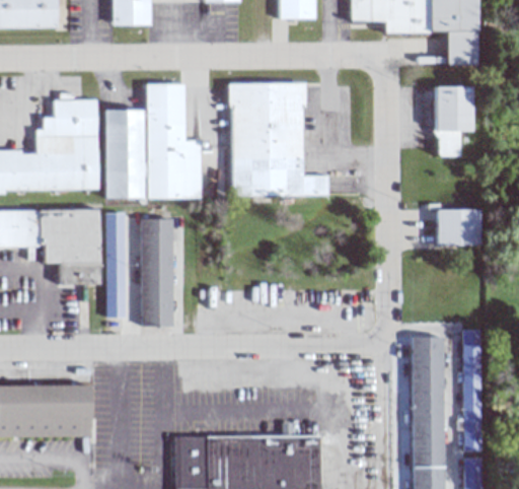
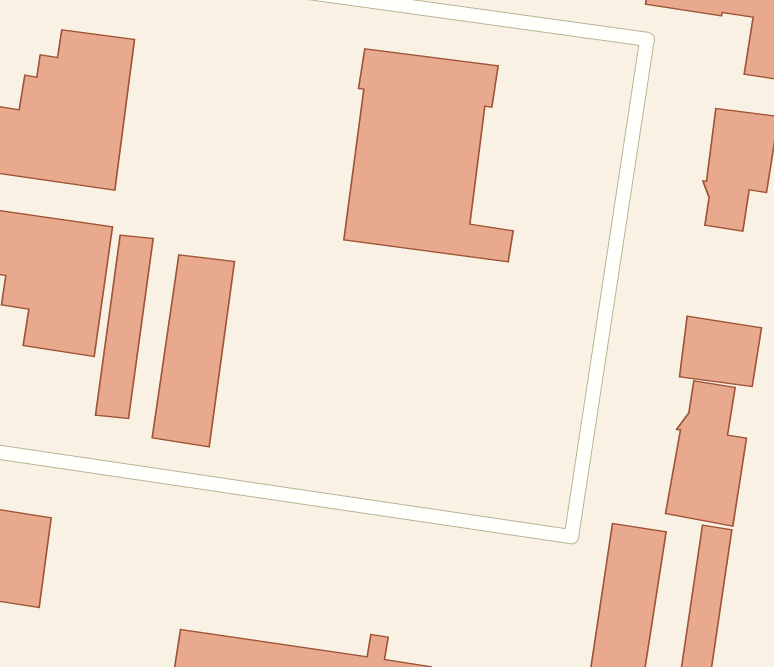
building: [108,83,205,198] -> none
building: none -> [665,381,746,526]

